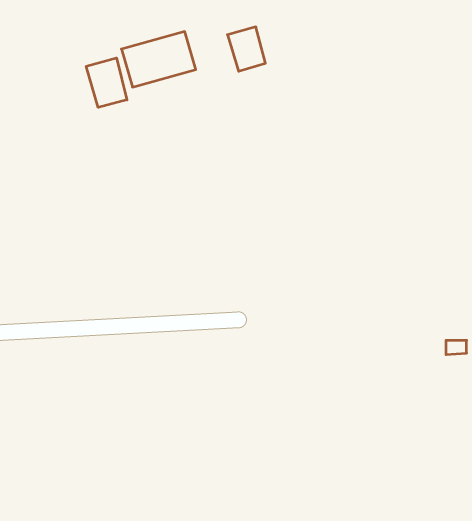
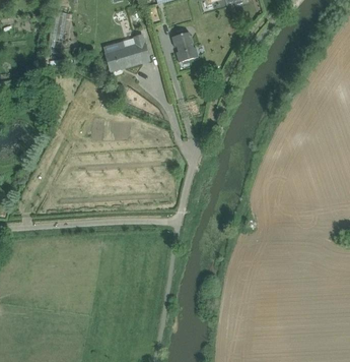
building: [86,58,127,107] -> none

